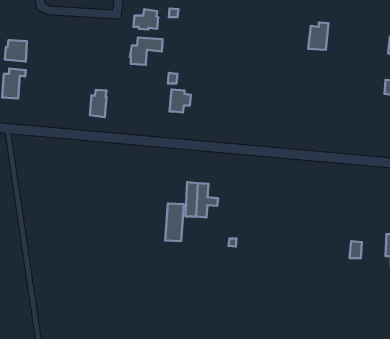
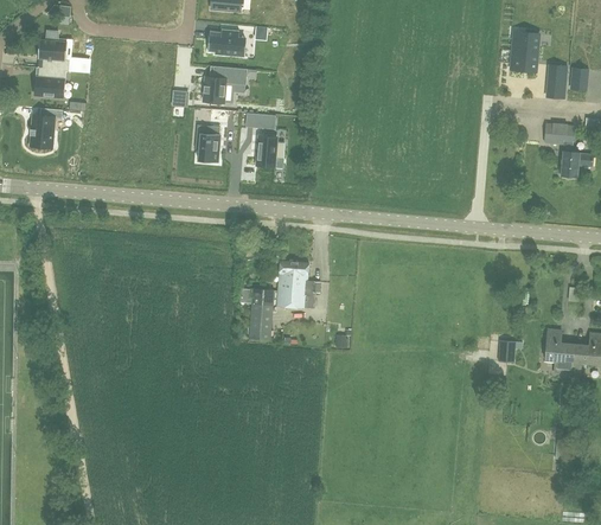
building: none -> [37,30,69,70]
building: [308,22,329,50] -> [510,32,537,69]
building: [90,90,106,117] -> [197,124,219,161]

